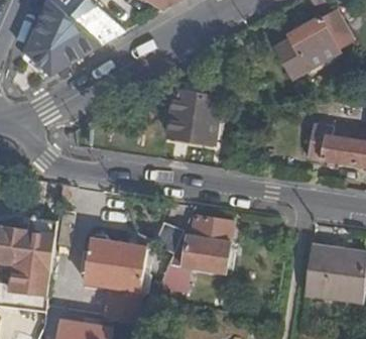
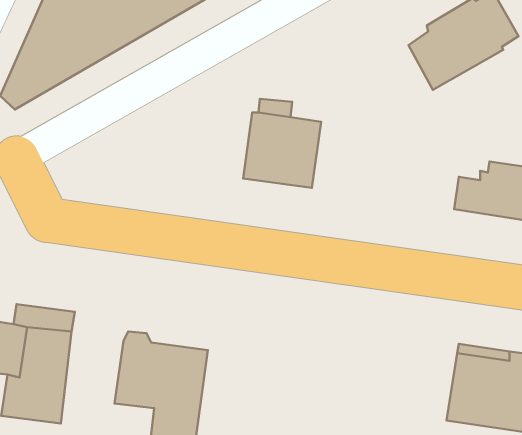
building: [159,217,232,294] -> none

